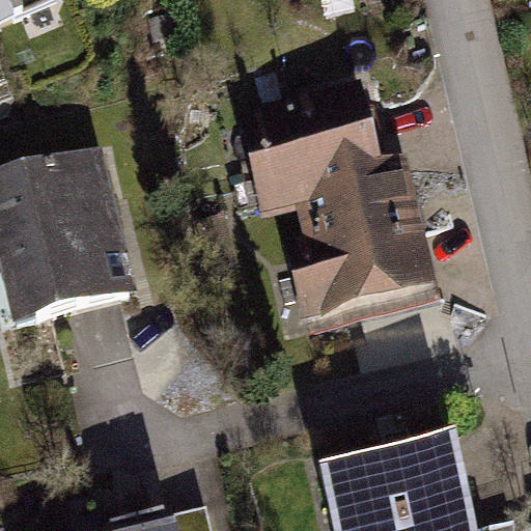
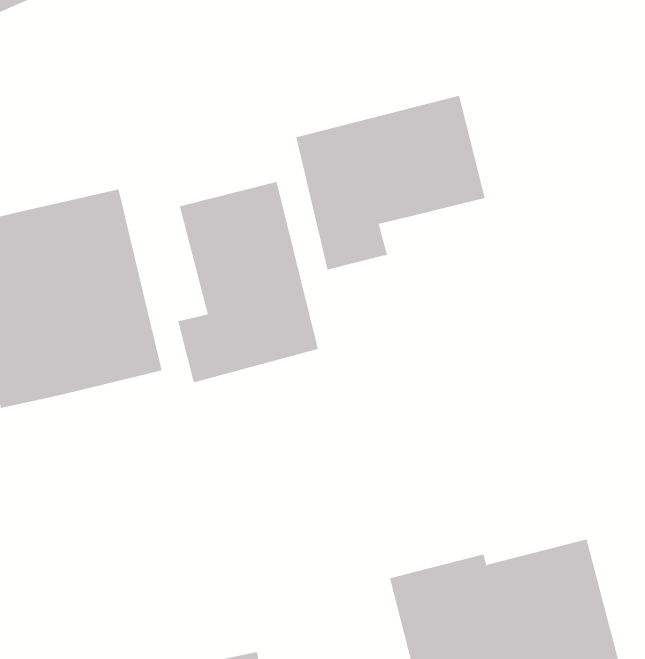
building: none -> [177,181,319,383]
building: [286,157,442,326] -> none

